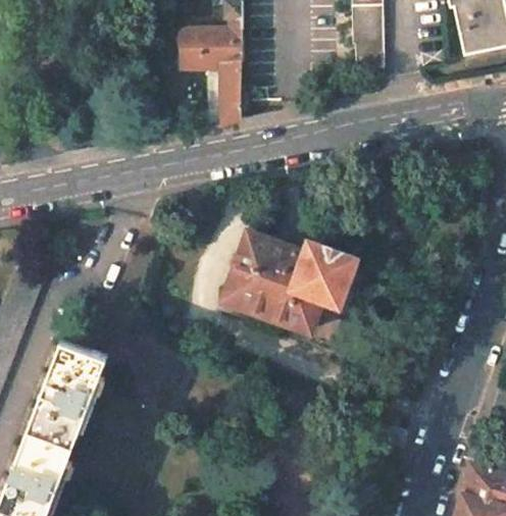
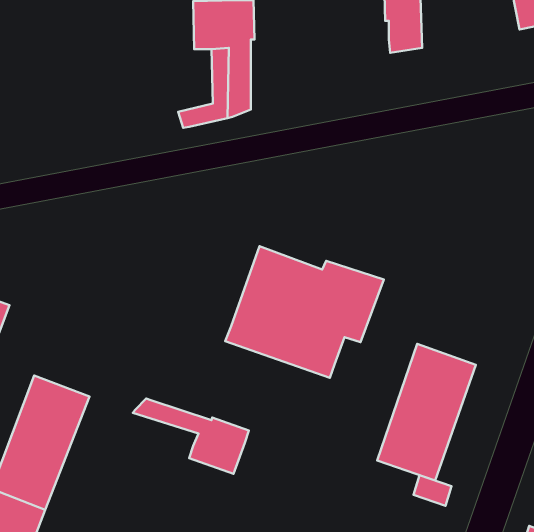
building: none -> [377,344,476,481]
building: none -> [133,398,249,474]

